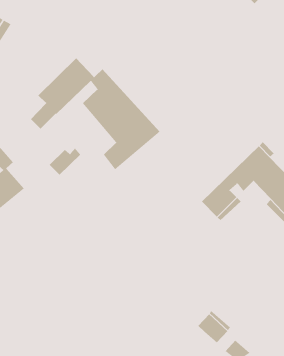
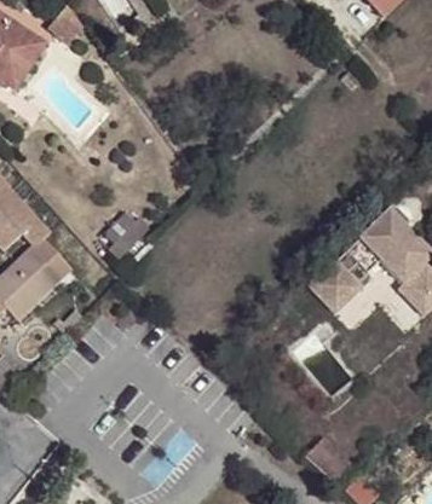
building: [30,57,160,170] -> none

